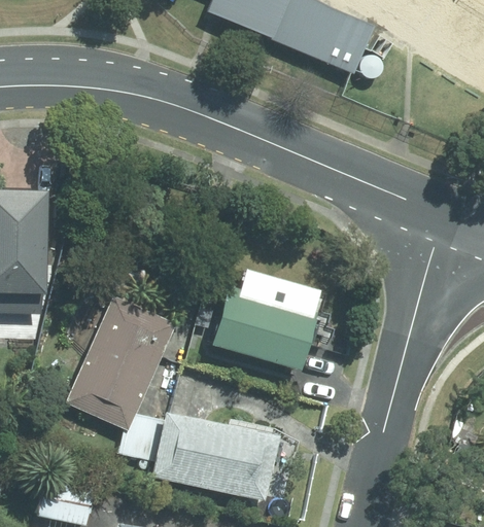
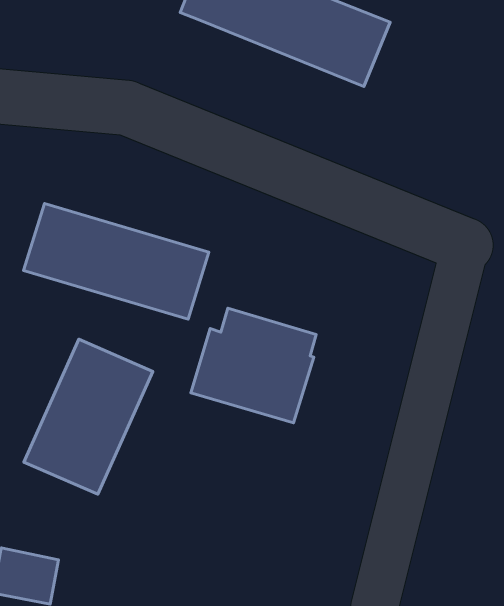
building: none -> [24,203,209,319]
building: [150,410,282,500] -> none

